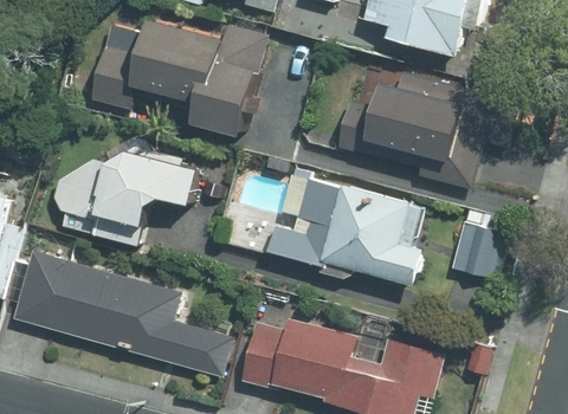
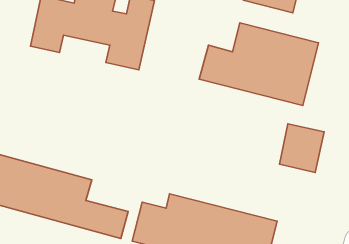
building: [52,145,202,248] -> none
building: [265,170,427,286] -> none

